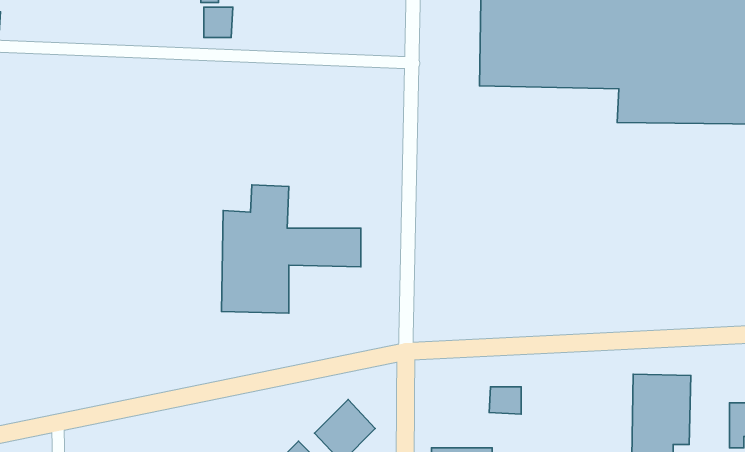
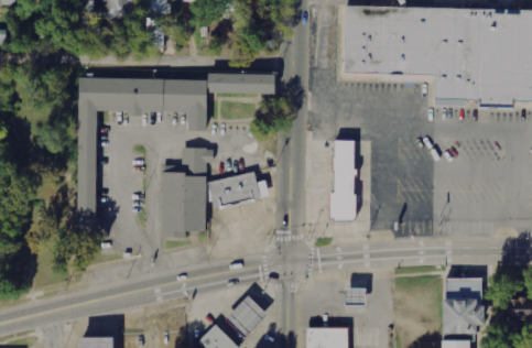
building: none -> [77,70,276,228]
building: none -> [329,140,366,221]

